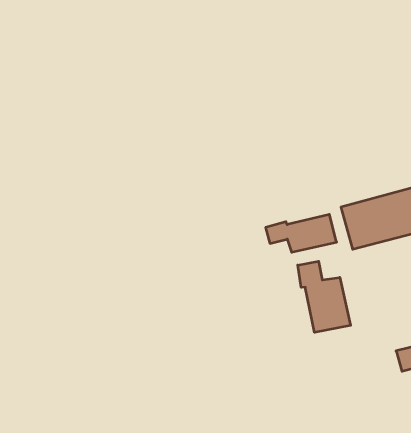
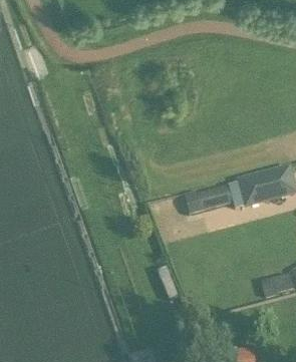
building: [298,261,351,332] -> none

